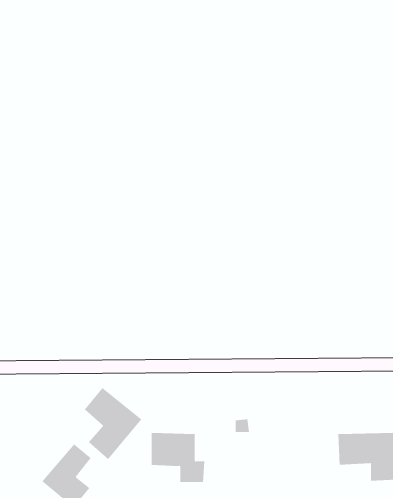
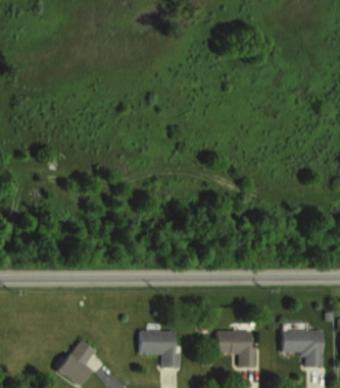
building: [84,387,142,460] -> none
building: none -> [217,330,260,367]

